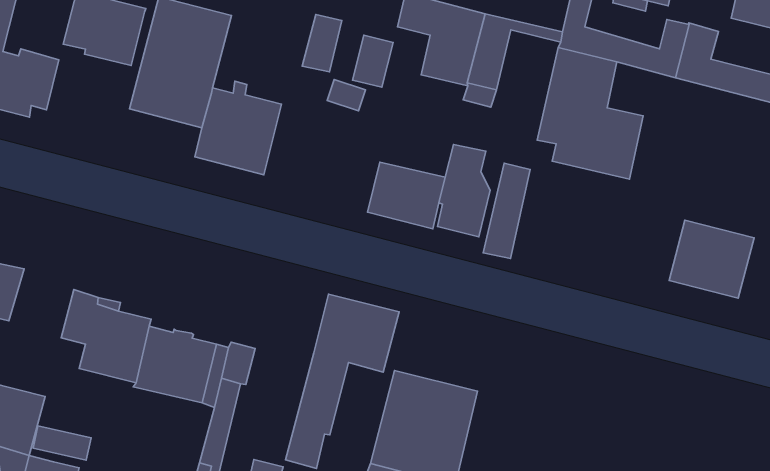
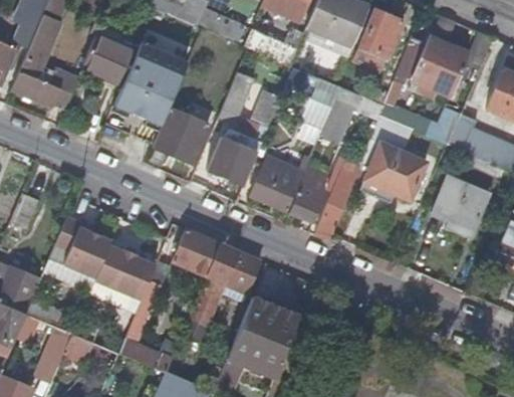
building: none -> [209,126,262,182]
building: [669,220,754,298] -> [433,179,488,231]
building: none -> [173,228,219,276]

